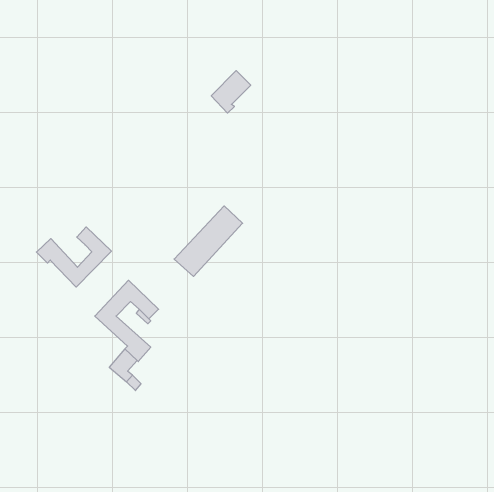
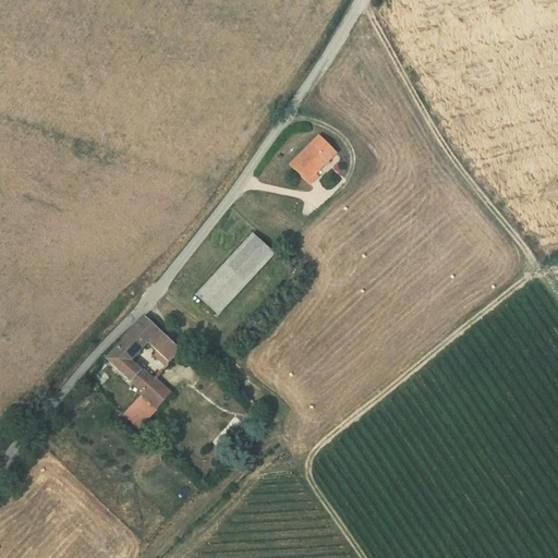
building: [211,71,251,113] -> [291,134,336,182]
building: [36,227,111,287] -> none

